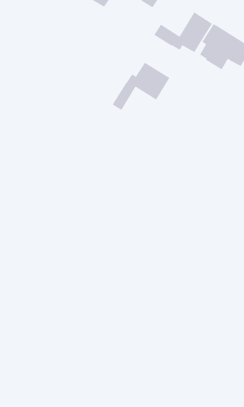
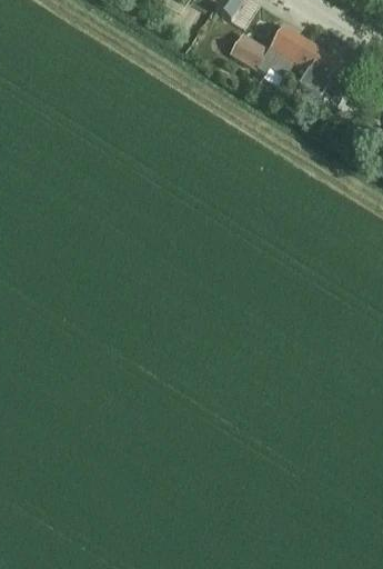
building: [112,62,170,111] -> none

